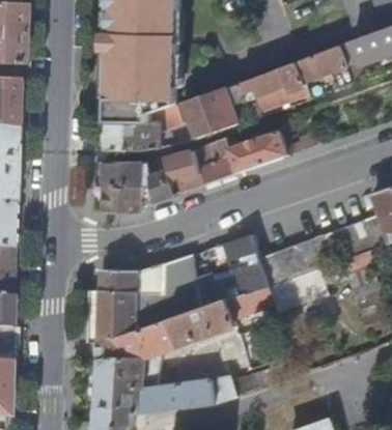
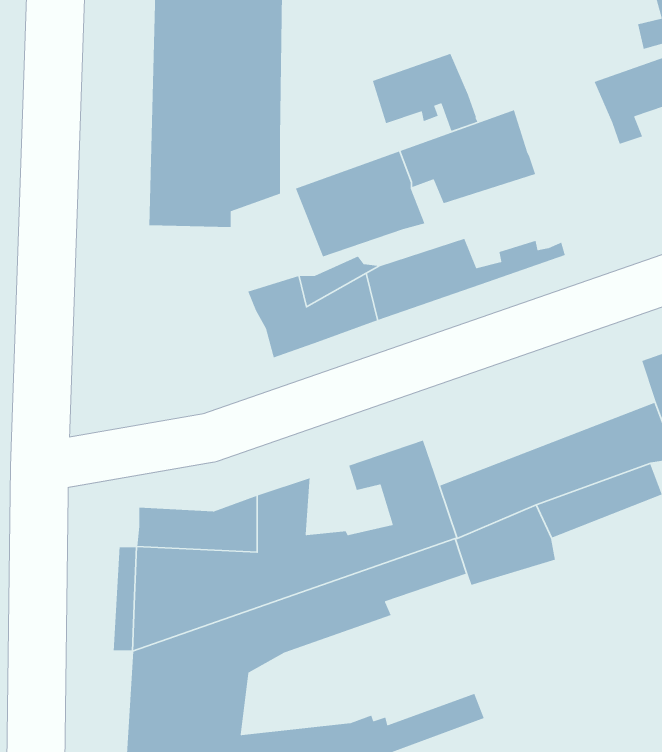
building: [300,47,356,88] -> [372,53,479,132]
building: [107,103,199,152] -> none
building: [96,161,166,210] -> none

